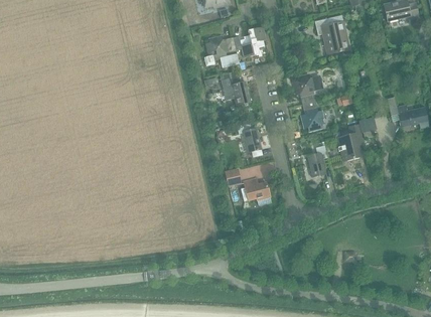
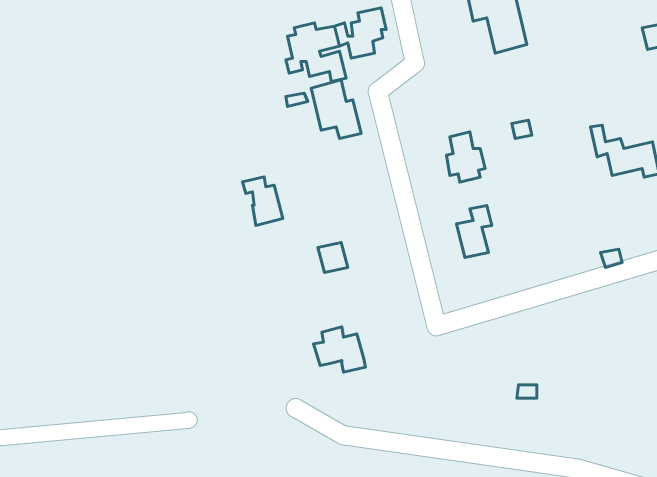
building: [293,73,323,104] -> none
building: [237,123,261,152] -> [243,177,283,225]
building: [337,124,362,161] -> none
building: [240,177,271,204] -> [313,327,365,372]

